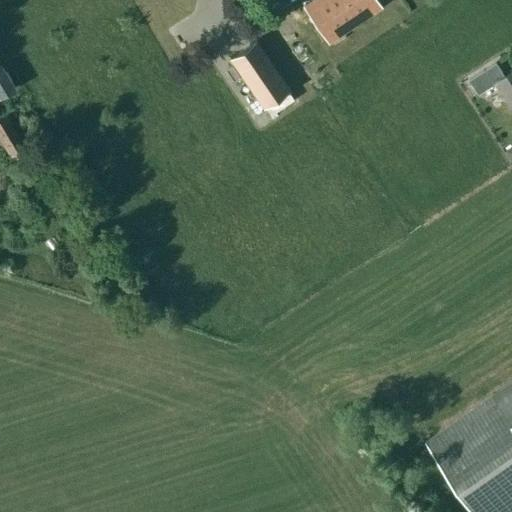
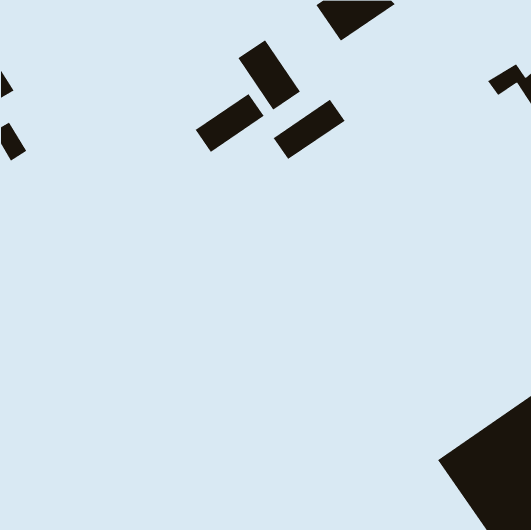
building: none -> [195,93,265,153]
building: none -> [273,99,345,160]

